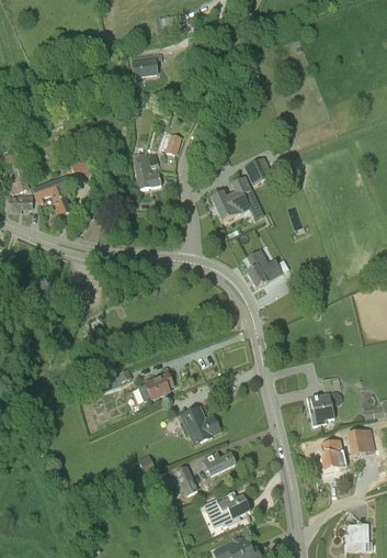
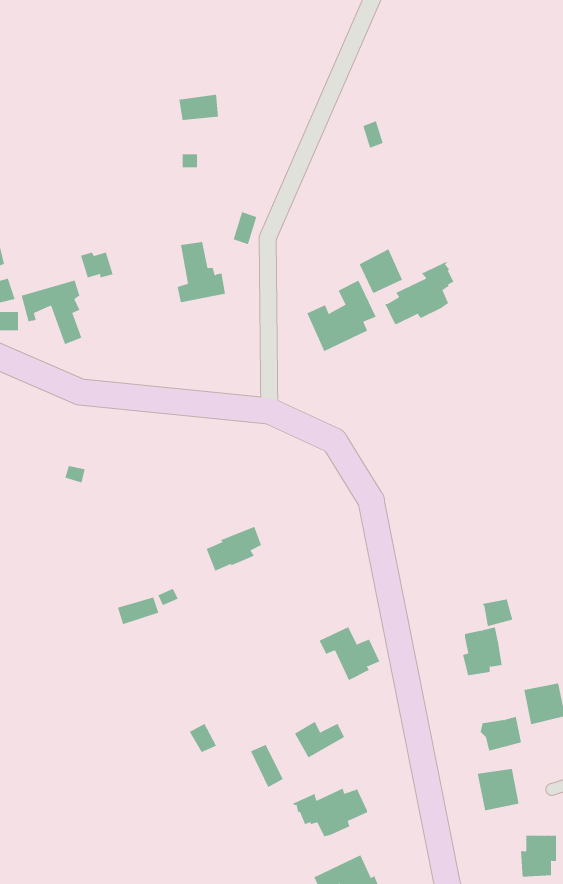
building: none -> [385,261,454,325]
building: [247,249,283,288] -> none
building: [138,372,173,401] -> [206,526,262,572]
building: [181,408,219,442] -> [319,626,380,681]
building: none -> [477,768,519,811]

